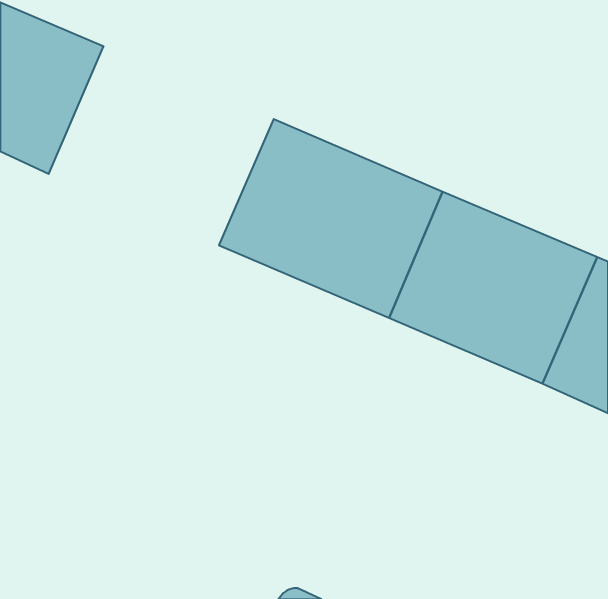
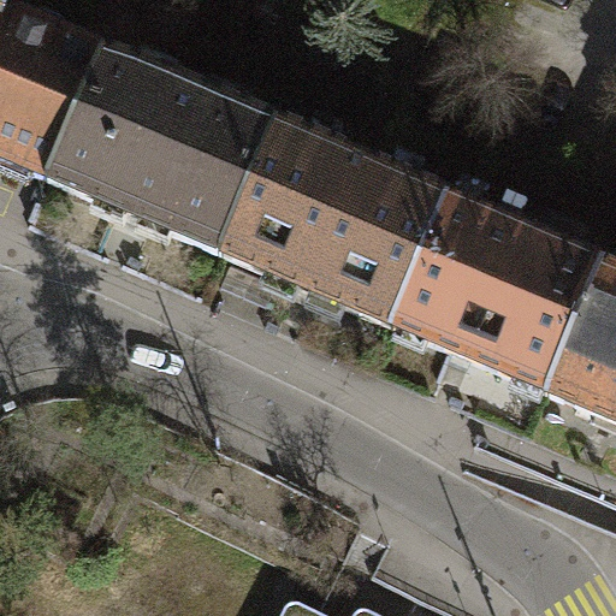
building: none -> [49,47,277,248]

